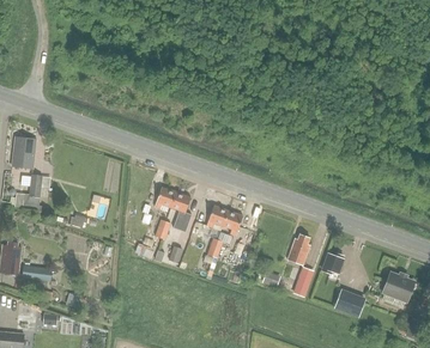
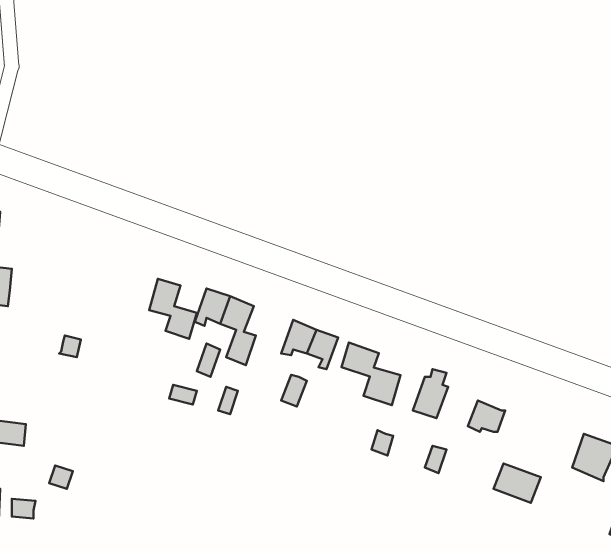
building: none -> [149,279,197,339]
building: none -> [342,343,401,405]

